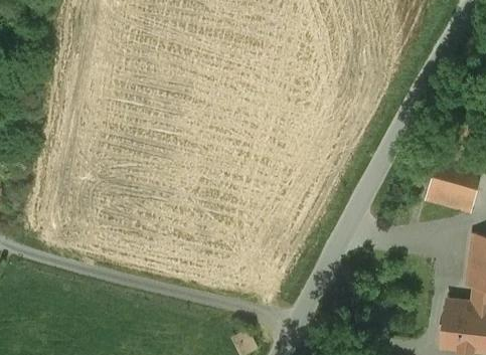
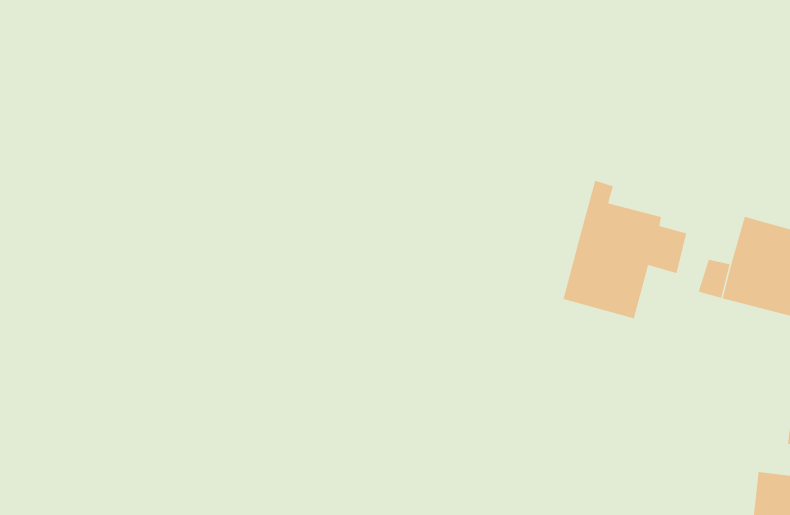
building: none -> [563,180,687,319]

